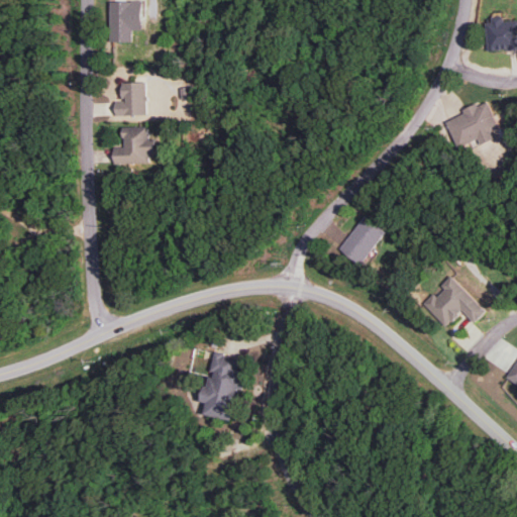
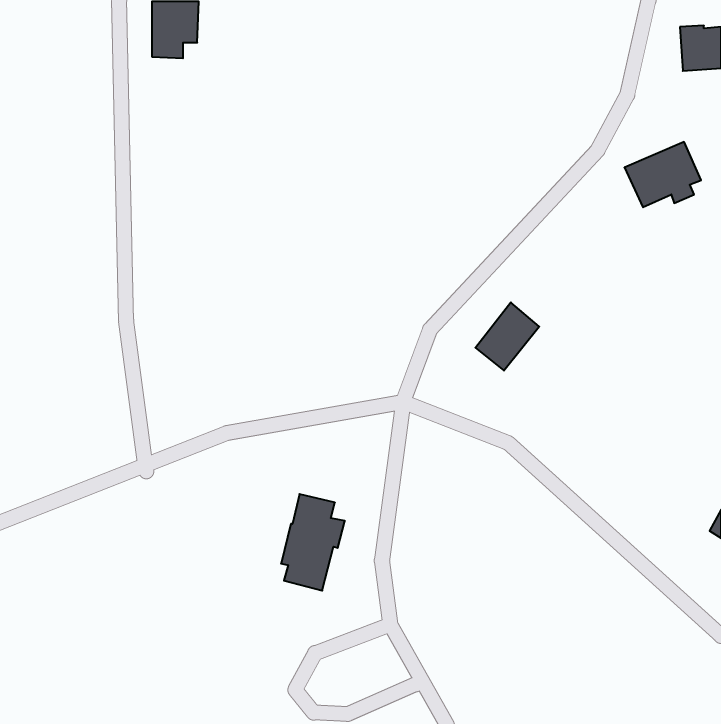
building: [114,83,145,116] -> none
building: [112,127,156,165] -> none
building: [423,276,485,328] -> none

